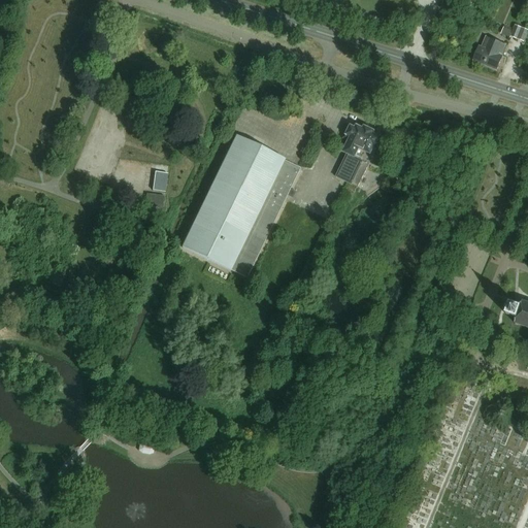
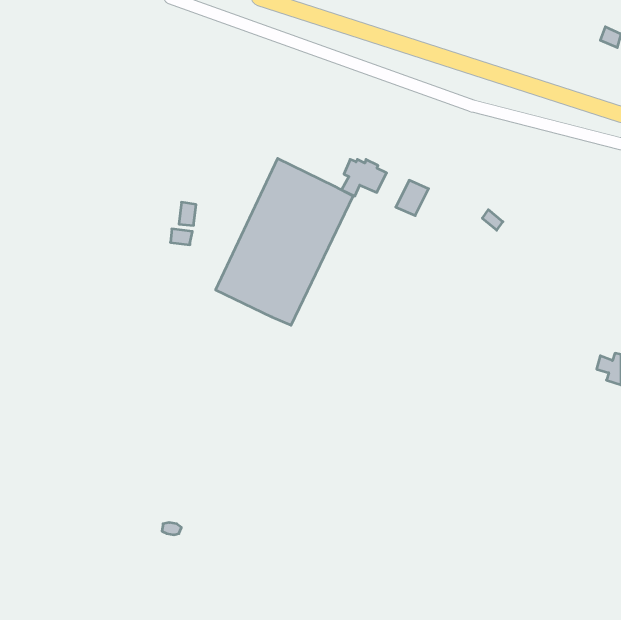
building: [471,34,505,66] -> none
building: [342,125,381,156] -> [342,159,387,196]

